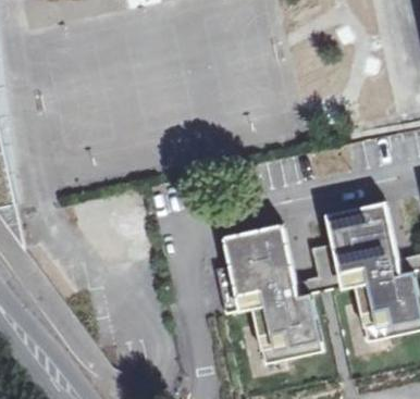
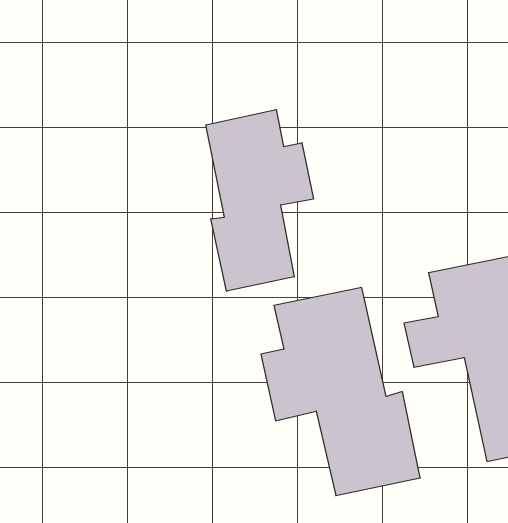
building: none -> [206,109,313,291]

